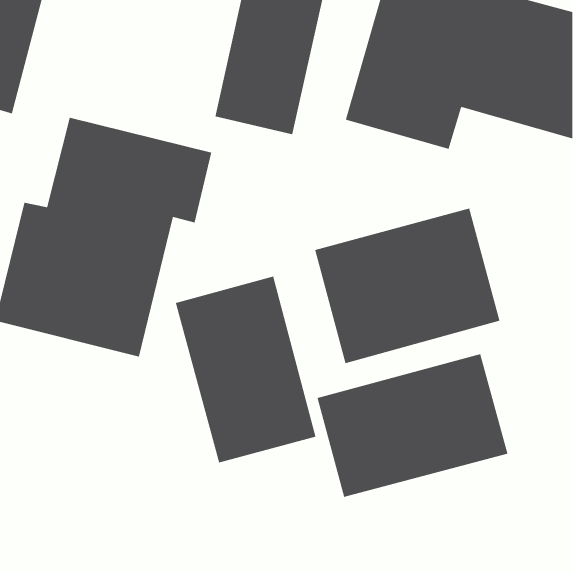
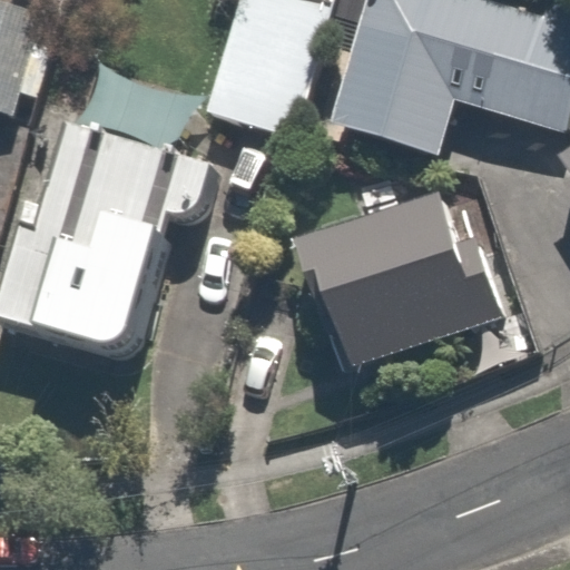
building: [175,275,316,464] -> none
building: [316,353,508,498] -> none

